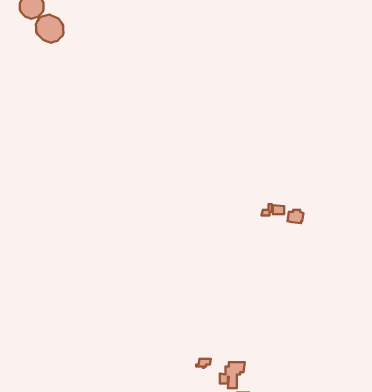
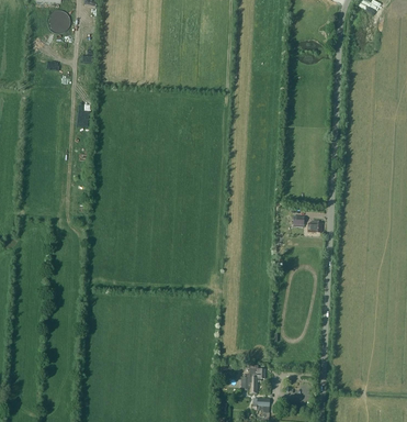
building: [36,14,63,43] -> none

